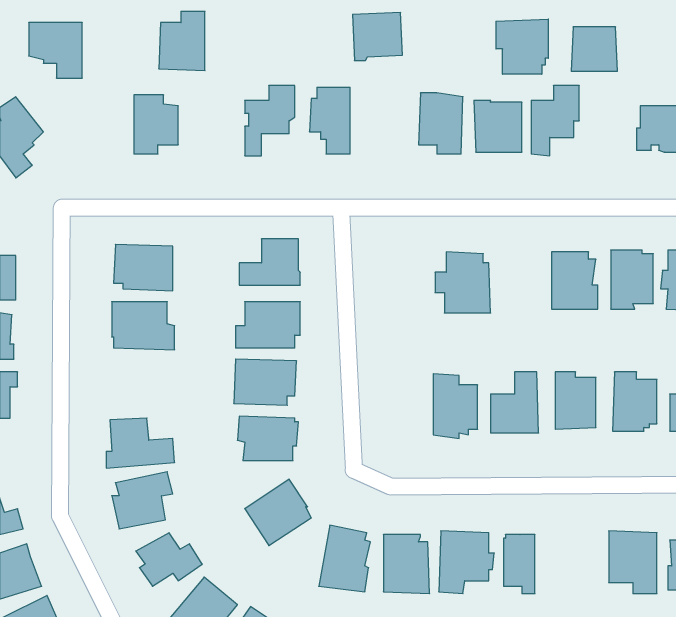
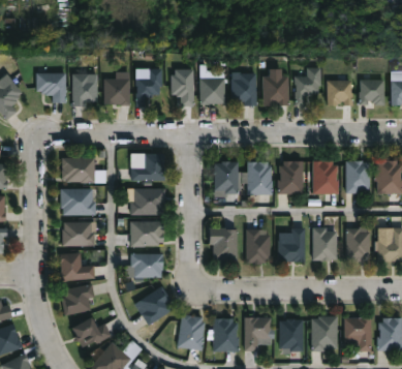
building: [159,11,205,71] -> [105,71,131,104]
building: [353,13,402,61] -> [202,76,229,103]
building: [496,19,548,74] -> none
building: [29,23,82,78] -> [38,71,68,102]
building: [571,27,617,71] -> [324,80,350,104]
building: none -> [279,159,300,193]
building: none -> [217,160,241,196]
building: none -> [64,221,97,246]
building: none -> [209,227,234,265]
building: none -> [308,315,334,351]

